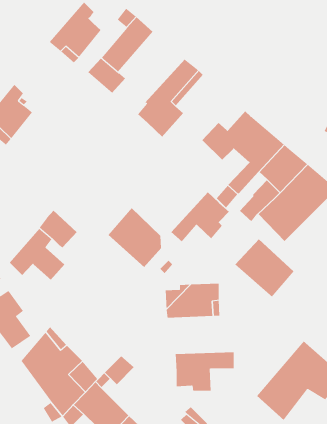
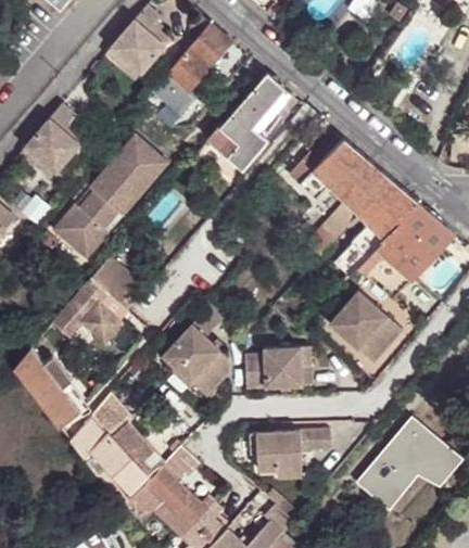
building: none -> [50,133,167,259]
building: [170,191,230,242] -> none
building: [108,207,162,268] -> [162,323,228,397]

